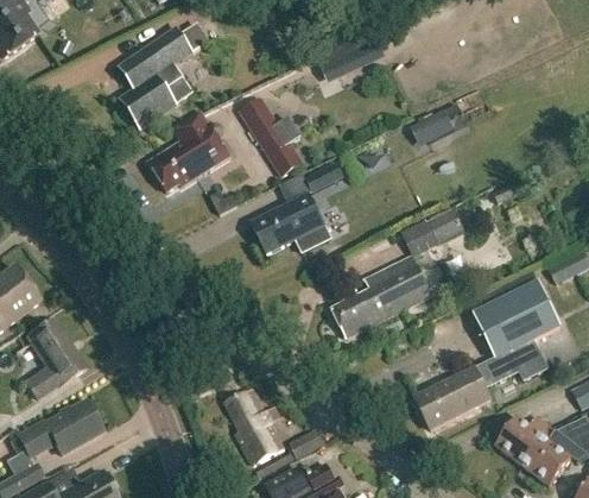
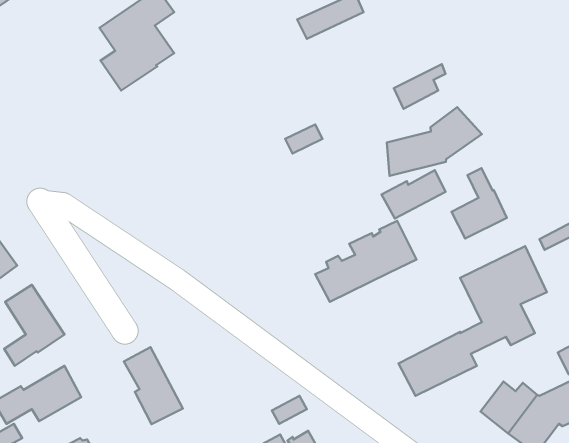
building: [236,95,300,175] -> none
building: [147,109,230,191] -> none
building: none -> [387,107,482,176]
building: [251,193,331,253] -> none
building: none -> [451,168,507,239]
building: [226,387,284,464] -> [124,347,183,424]

